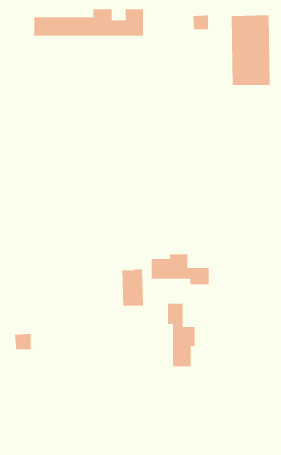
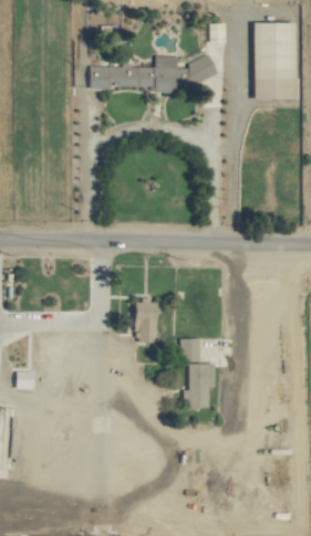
building: [34,9,144,36] -> [93,57,214,87]
building: [151,254,209,285] -> none

